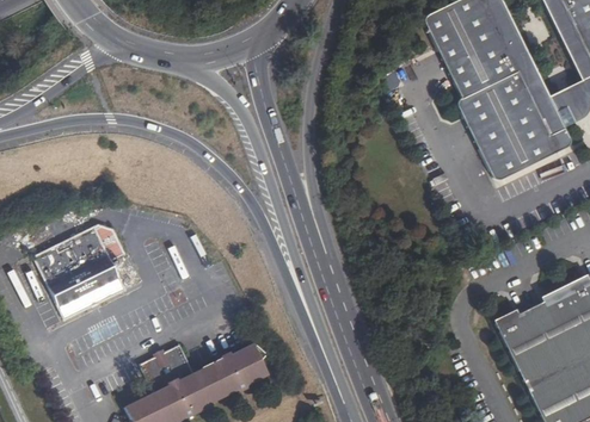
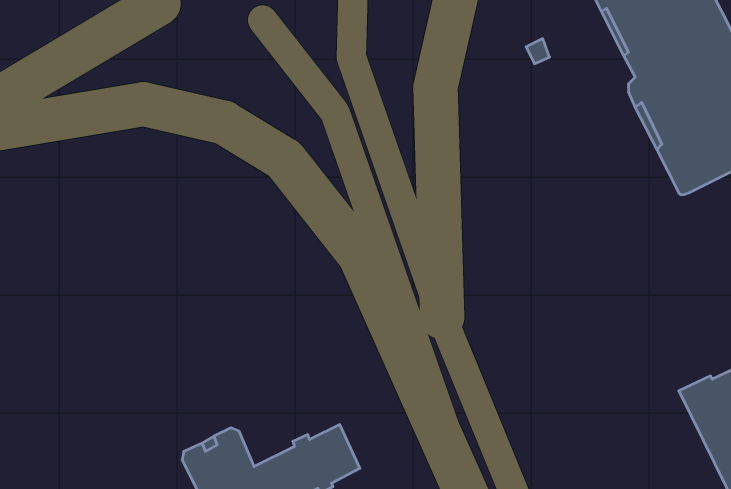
building: [33,224,125,319] -> none

